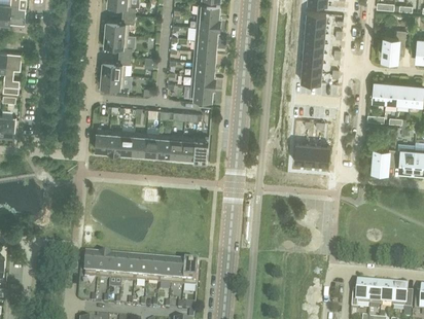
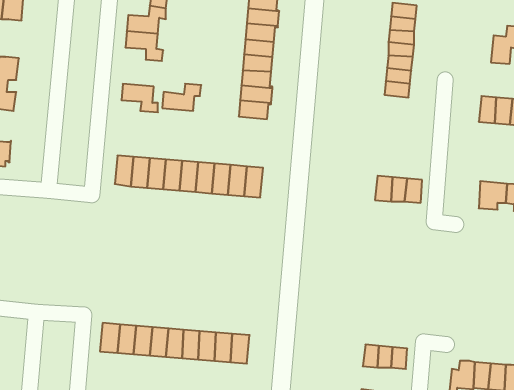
building: [101,52,131,73] -> [162,84,201,111]

